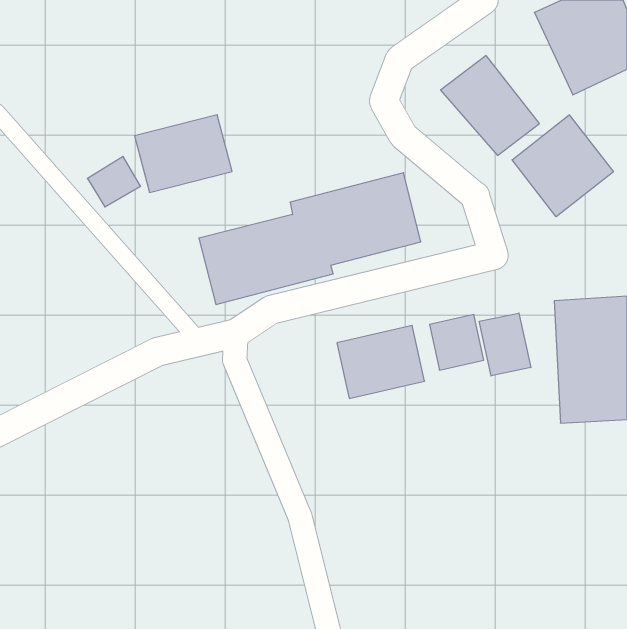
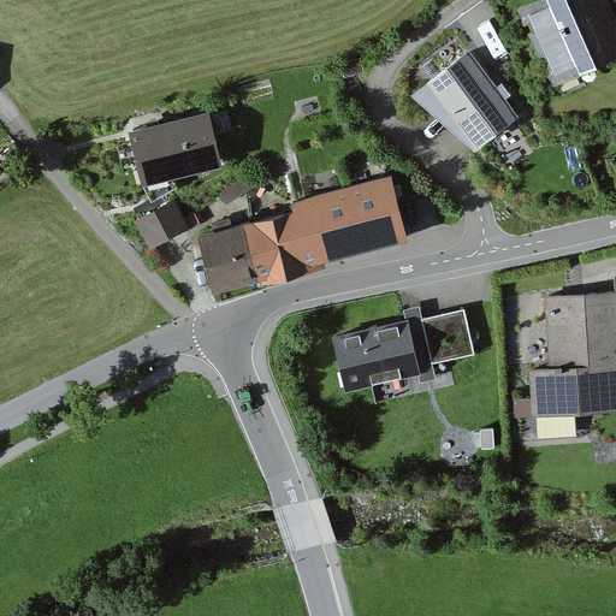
building: [512,115,613,217] -> none
building: [87,156,141,207] -> [137,203,189,253]
building: [479,313,531,376] -> none

